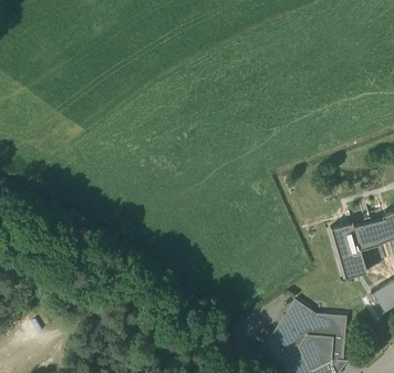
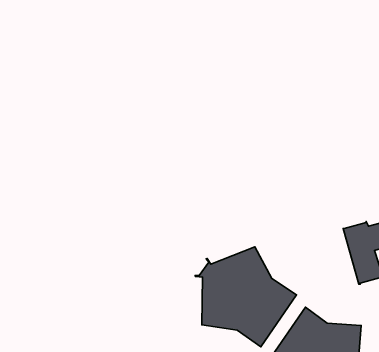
building: none -> [195,247,297,347]

